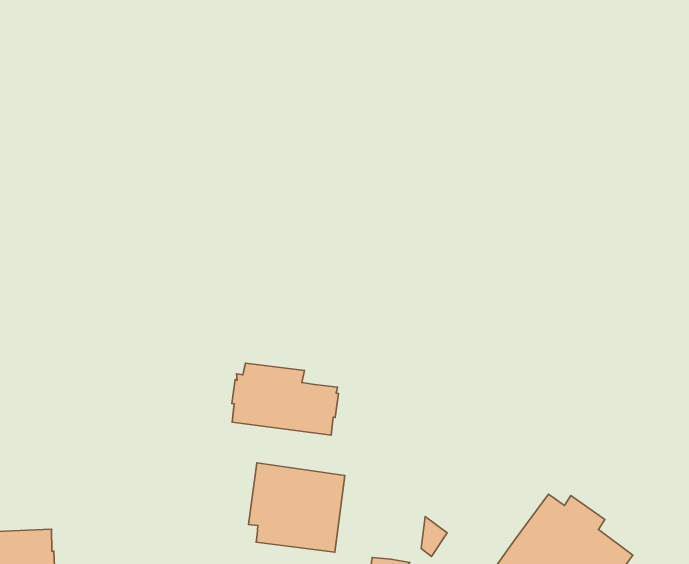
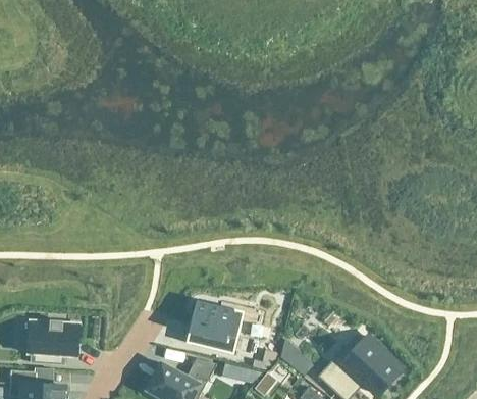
building: [232,363,338,435] -> none

